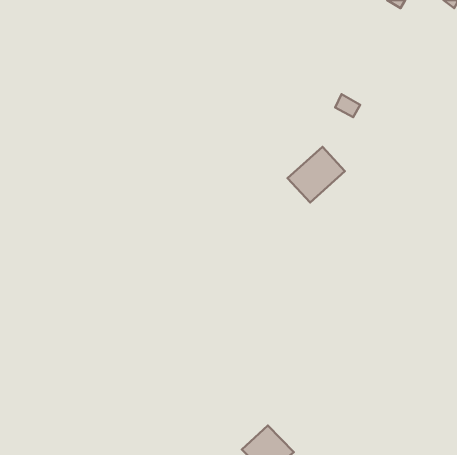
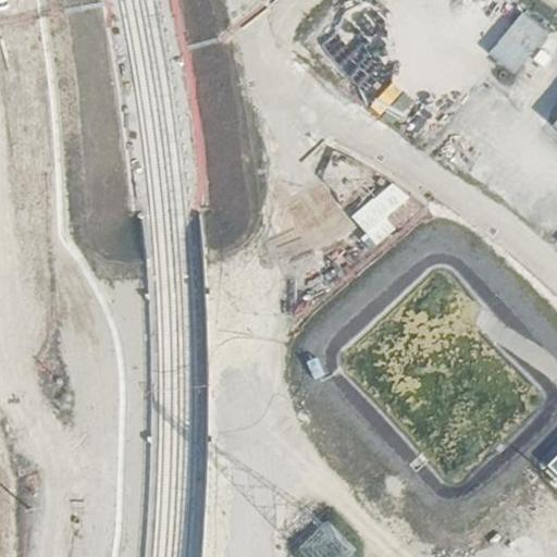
building: none -> [487,13,547,75]

